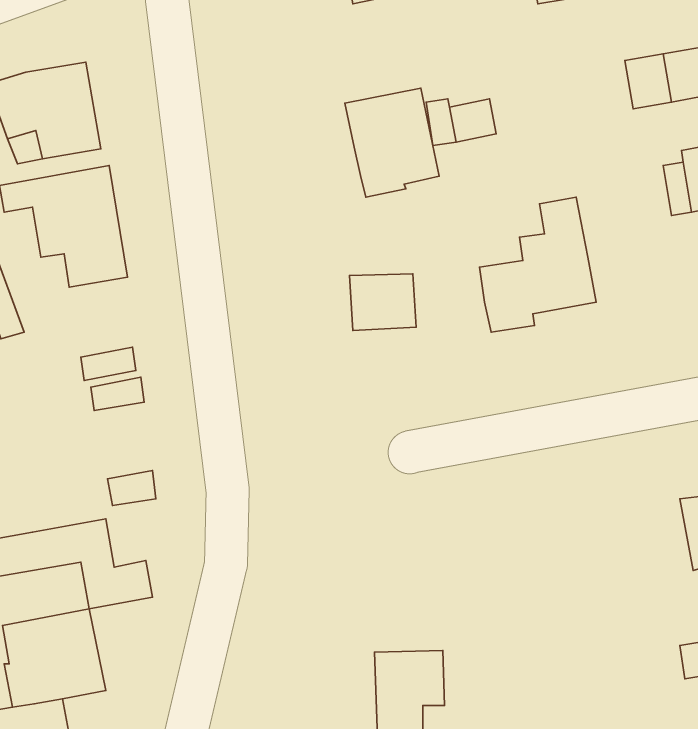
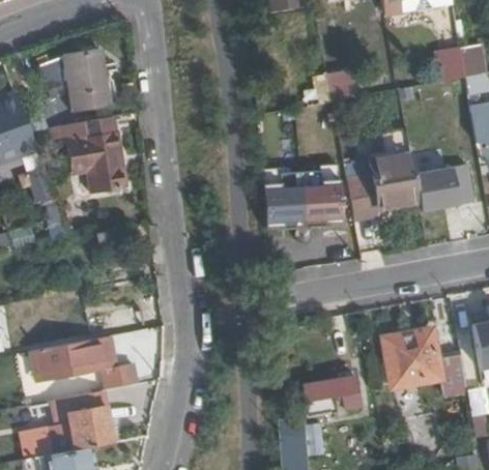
building: [345,88,439,197] -> none
building: none -> [413,167,460,212]
building: none -> [305,181,346,217]
building: none -> [384,328,464,387]
building: none -> [301,372,359,412]

